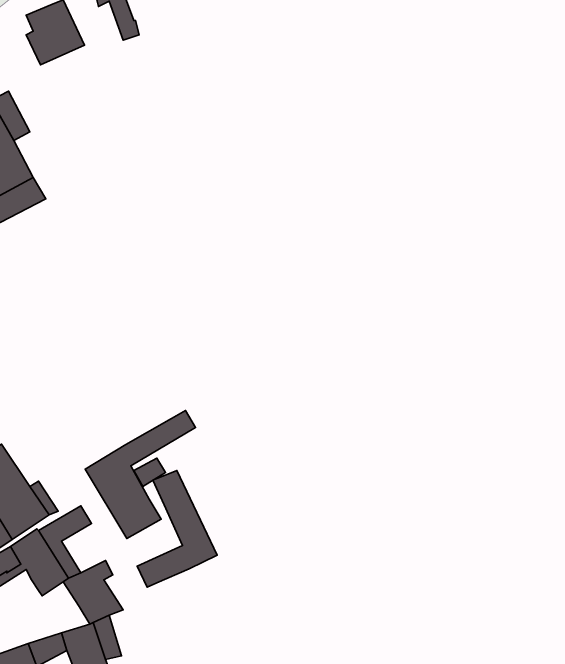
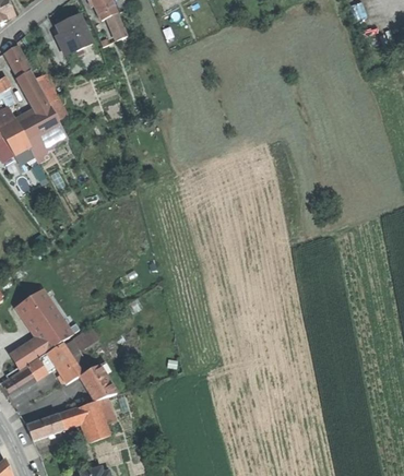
building: [85,410,195,538] -> none
building: [137,470,217,587] -> none

